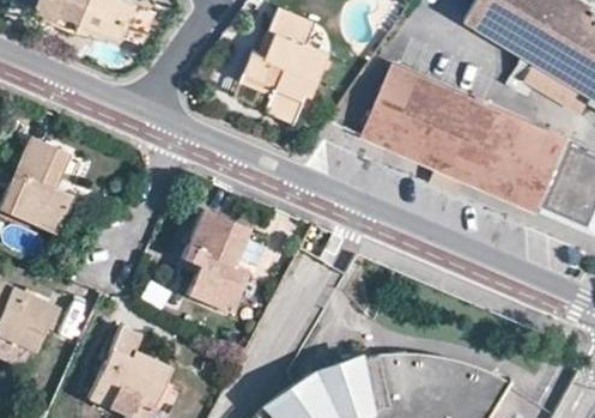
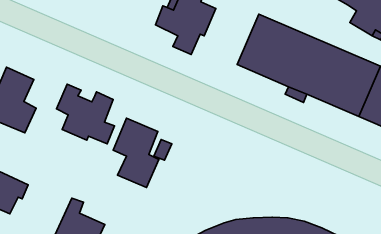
building: none -> [56,84,115,144]

